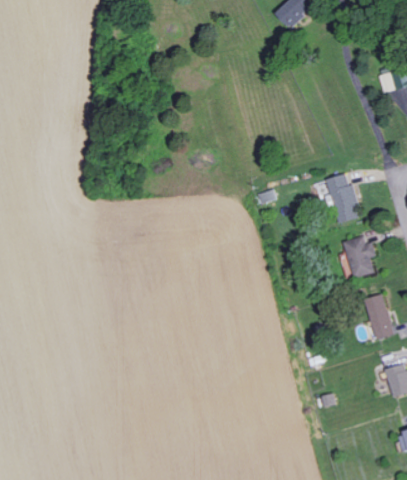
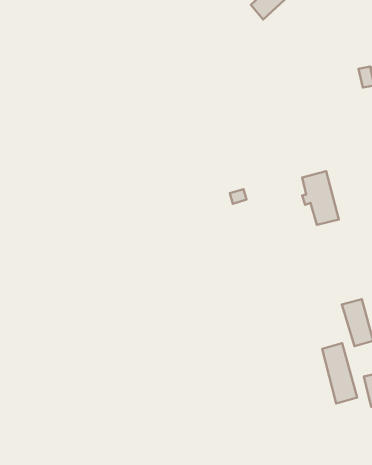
building: [342,235,375,278] -> none
building: none -> [322,343,357,404]

